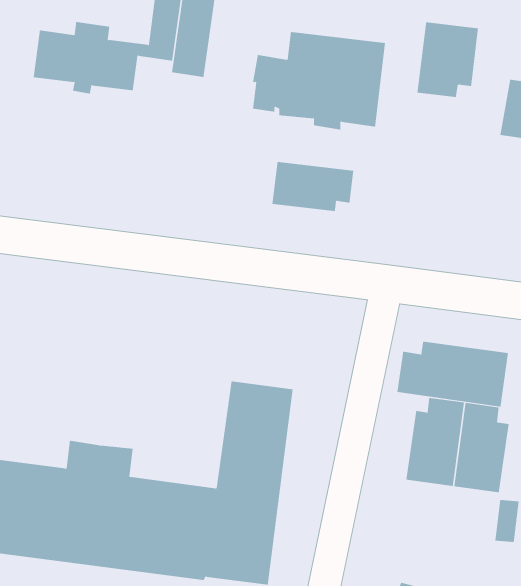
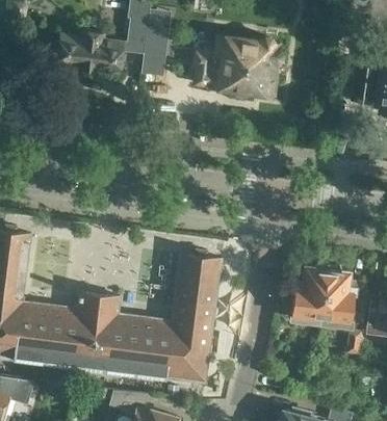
building: [417,22,479,98] -> none
building: [272,161,354,212] -> none
building: [397,341,509,407] -> none

